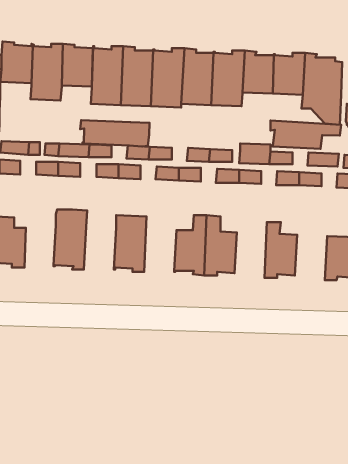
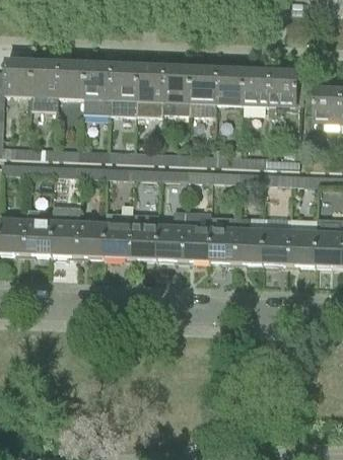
building: [80,120,149,146] -> none
building: [270,120,341,149] -> none
building: none -> [26,209,54,257]
building: none -> [131,212,159,261]
building: none -> [210,216,238,265]
building: none -> [78,221,107,259]
building: none -> [263,228,291,267]

